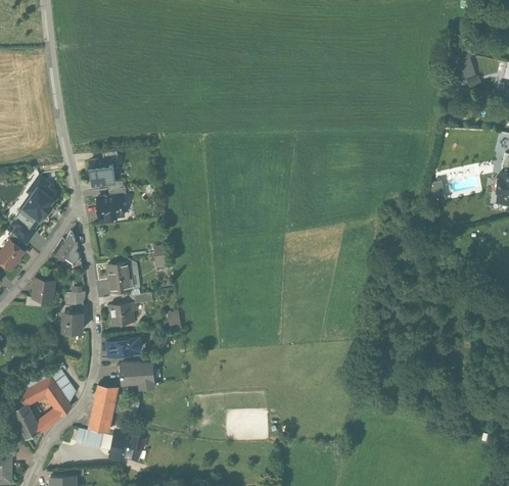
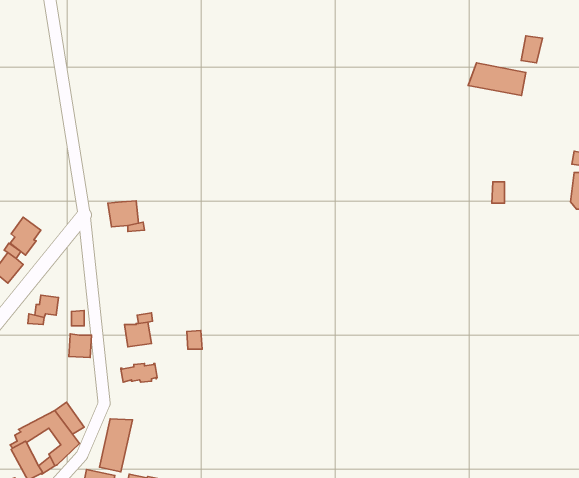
building: none -> [468,63,526,95]
building: [89,161,114,188] -> none
building: [24,181,55,223] -> none
building: [53,233,80,265] -> none
building: [107,261,133,291] -> none
building: [121,363,154,389] -> none

